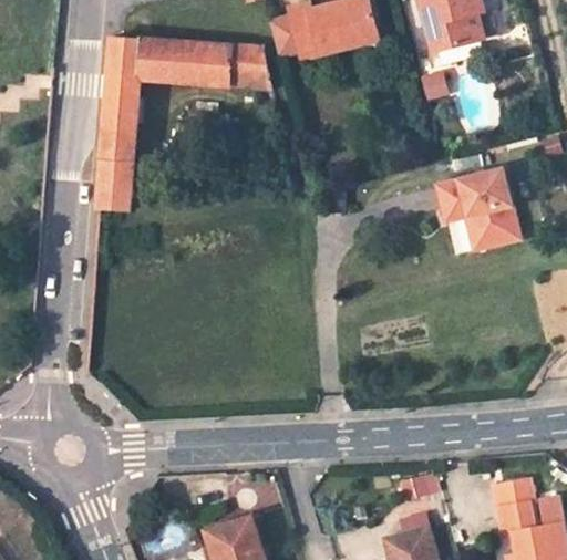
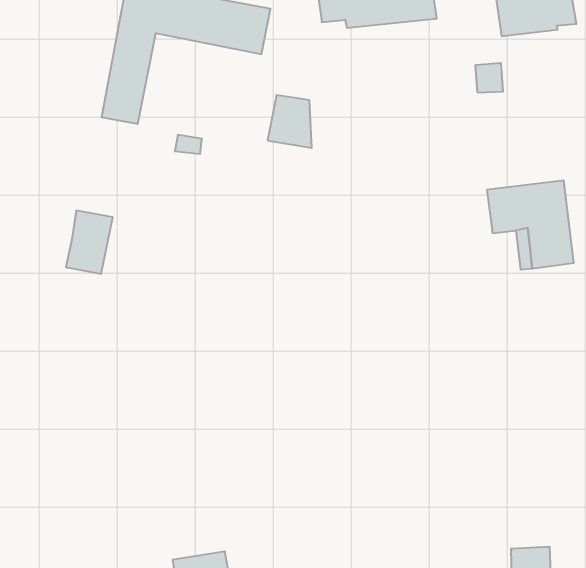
building: [230,46,269,89] -> [268,95,312,148]
building: [95,156,131,208] -> [66,210,113,274]

